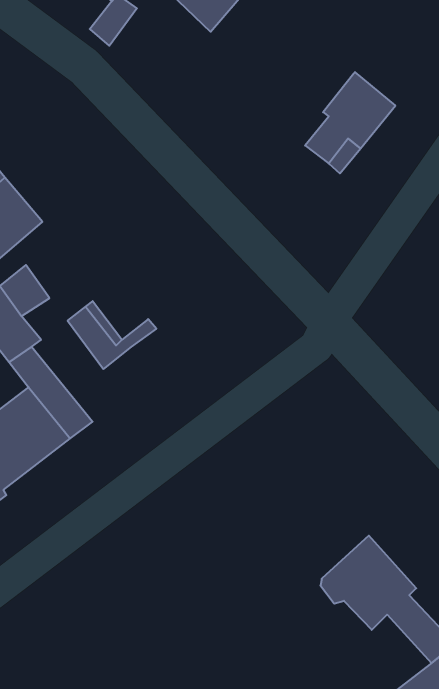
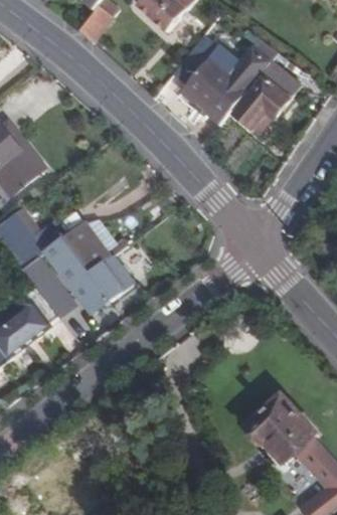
building: none -> [183,46,270,119]
building: none -> [45,239,129,314]

